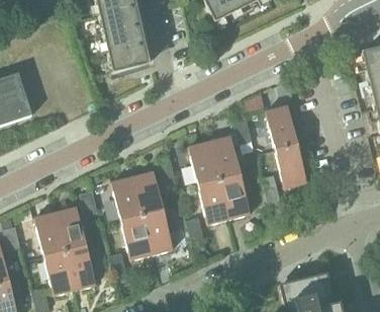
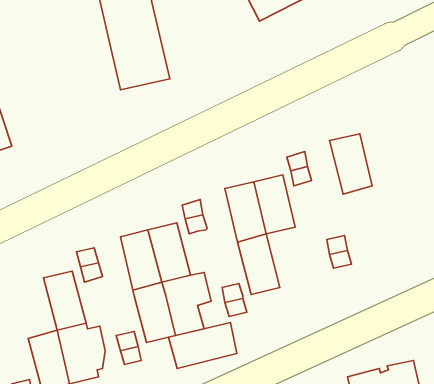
building: [277,143,308,187] -> none
building: [220,173,252,218] -> none
building: [35,211,67,255] -> none
building: none -> [169,323,237,369]

